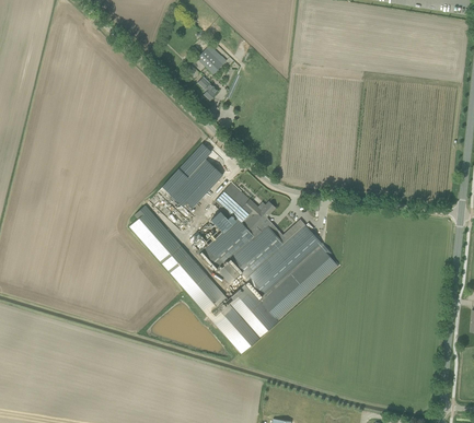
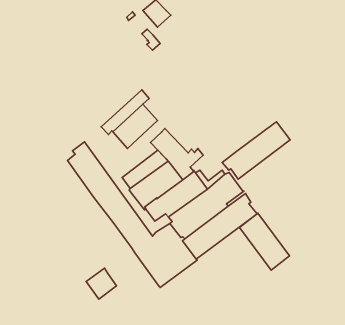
building: none -> [222,122,290,179]
building: none -> [240,213,289,270]
building: none -> [86,268,116,299]

